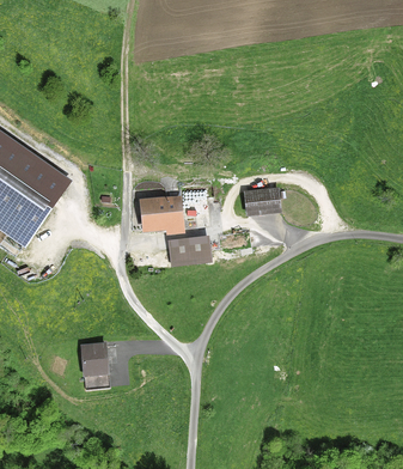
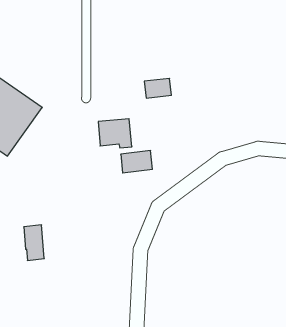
building: [245,188,280,213] -> [144,78,171,98]
building: [83,342,109,388] -> [24,225,44,260]

